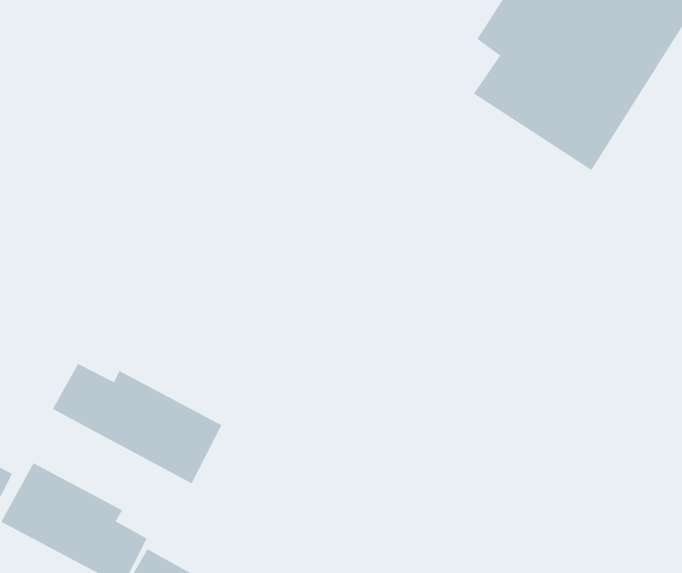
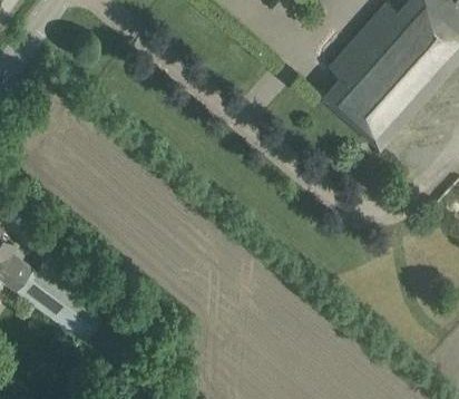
building: [52,363,222,484] -> none

